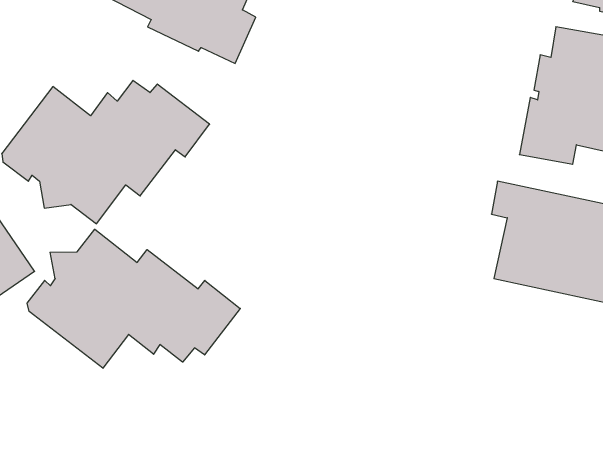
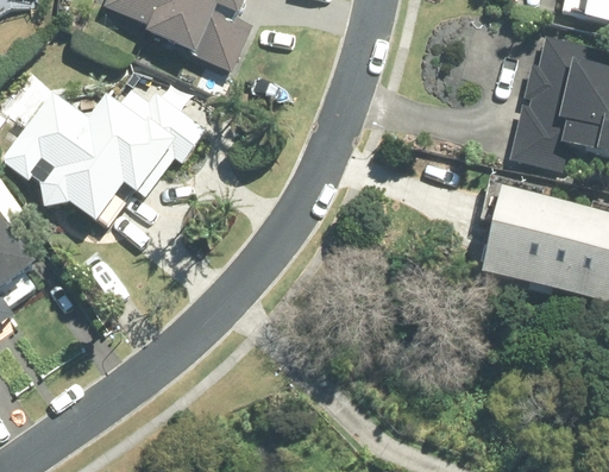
building: [27,229,240,368] -> none

